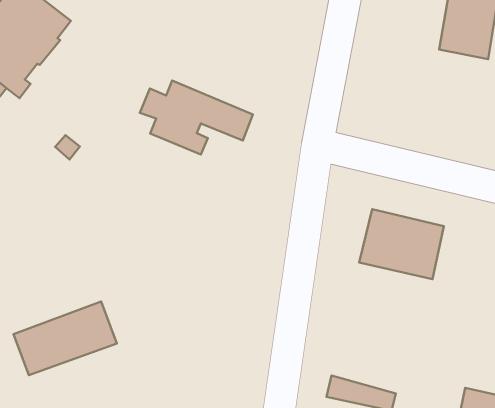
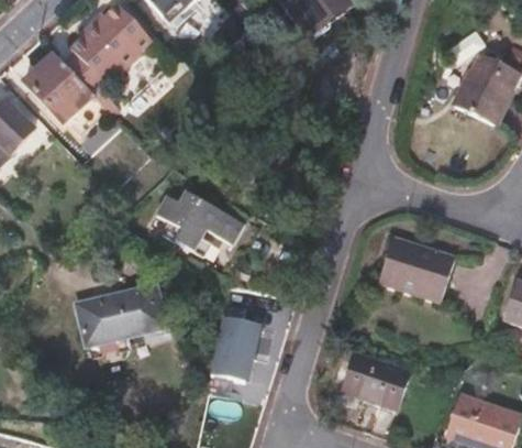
building: [140,81,253,155] -> [153,188,248,254]
building: none -> [221,319,273,382]
building: none -> [340,356,401,395]

